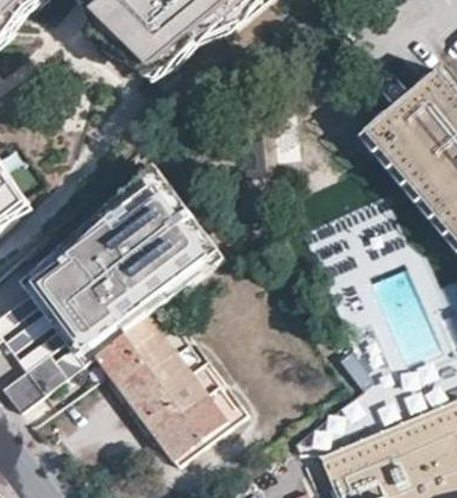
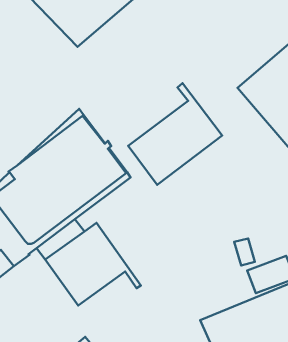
building: none -> [128,83,222,185]
building: [154,389,246,467] -> none

